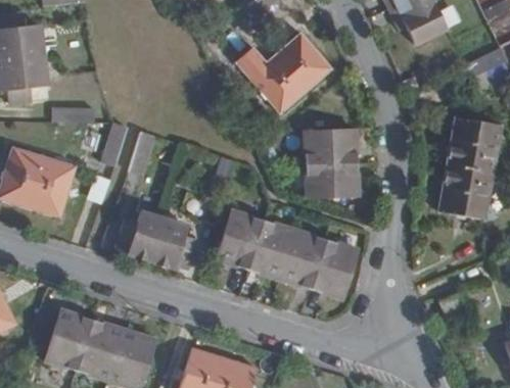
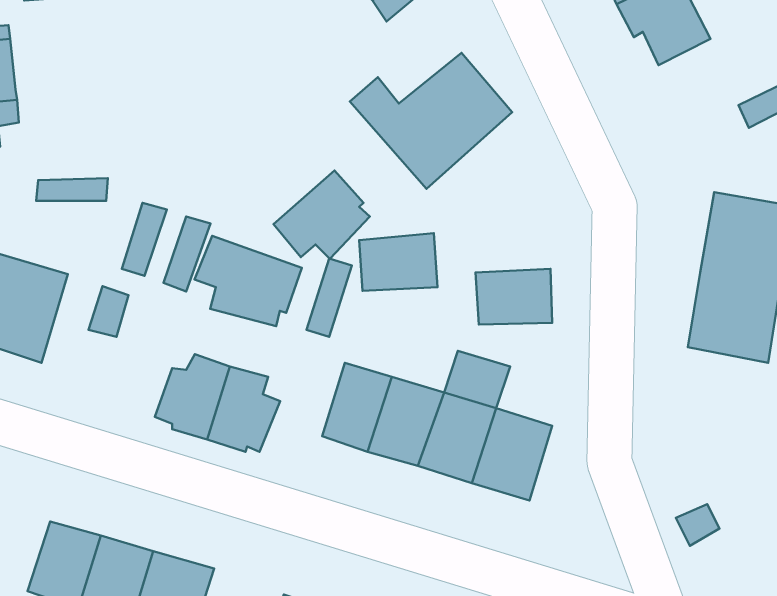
building: none -> [274,170,370,259]
building: [309,130,355,163] -> [359,233,437,291]
building: none -> [195,236,302,326]

